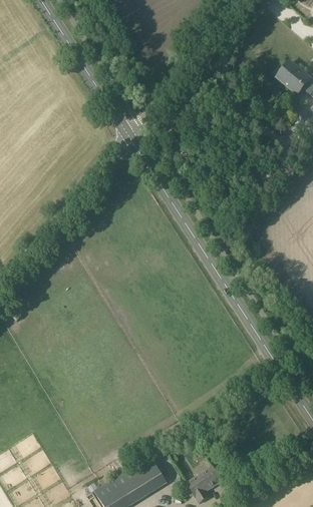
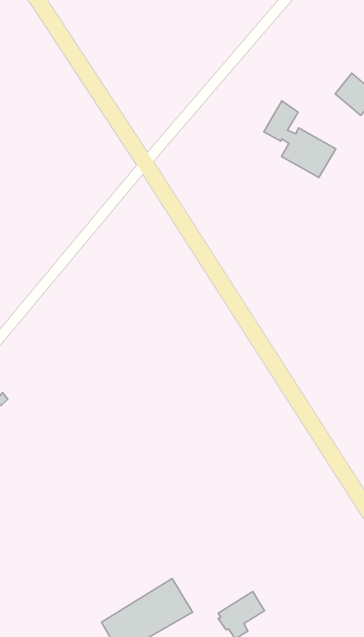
building: none -> [264,101,336,178]

